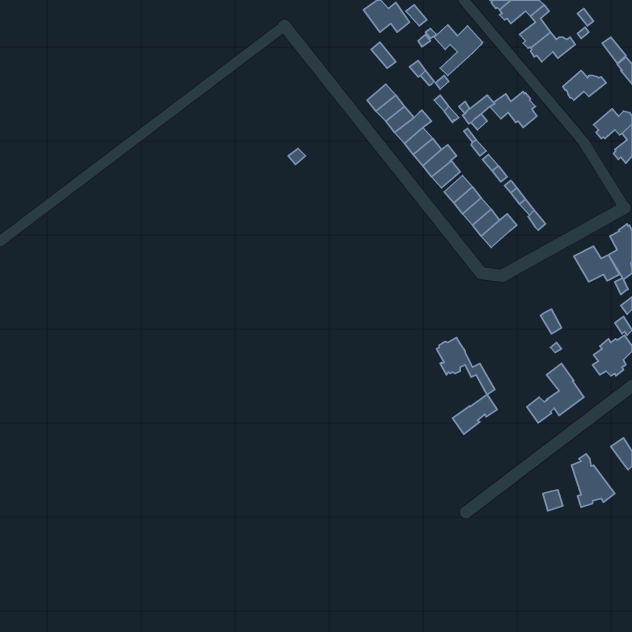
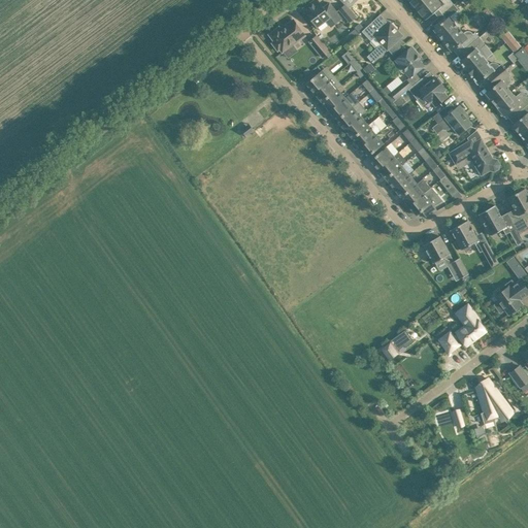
building: none -> [269,20,305,53]
building: none -> [460,37,486,72]
building: none -> [396,46,424,77]
building: none -> [486,68,512,104]
building: none -> [433,105,472,134]
building: none -> [449,139,499,174]
building: none -> [409,188,442,216]
building: none -> [424,235,450,264]
building: [437,338,495,395] -> [451,220,499,267]

